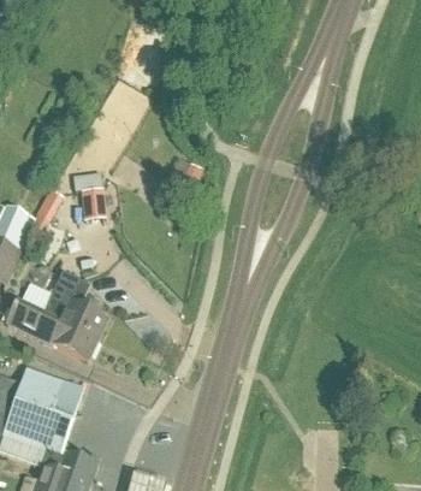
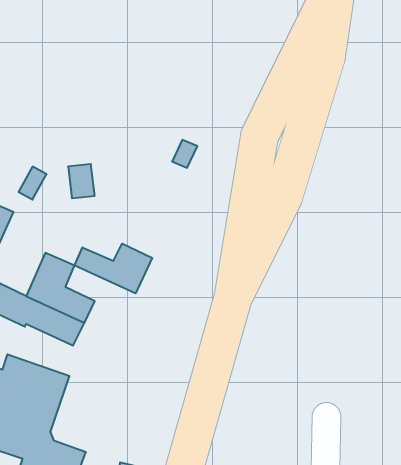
building: none -> [74,244,152,293]

